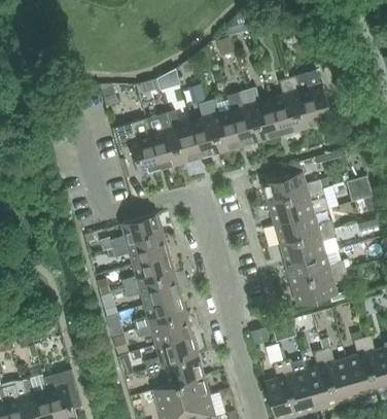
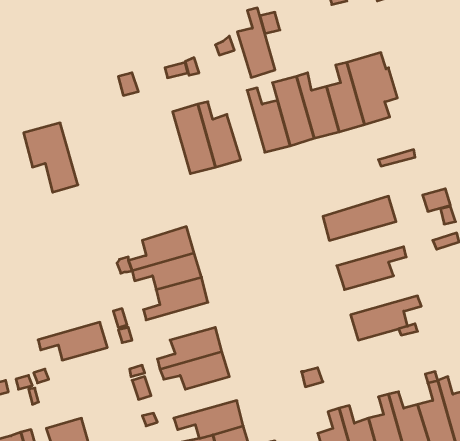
building: [189,101,220,158] -> [237,8,275,77]
building: [115,118,160,175] -> [24,123,78,192]
building: [261,171,321,204] -> none
building: [273,212,333,244] -> none
building: [285,252,345,284] -> none
building: [124,274,180,305] -> [38,322,107,360]
building: [144,335,198,369] -> none

